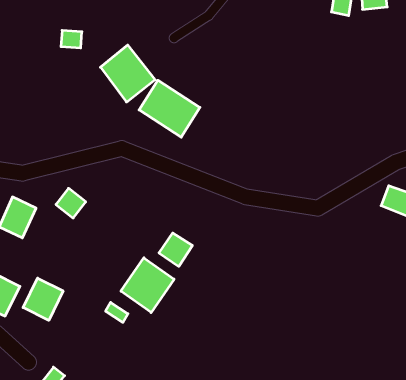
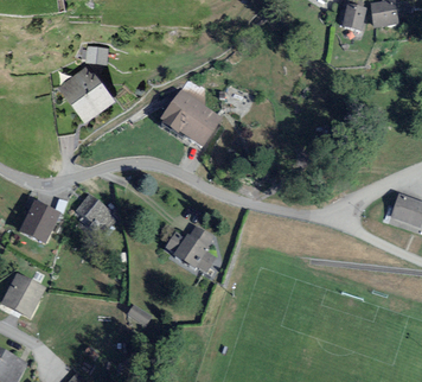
building: [100,45,155,102] -> [59,65,111,120]
building: [121,258,174,313] -> none
building: [23,278,63,320] -> none

